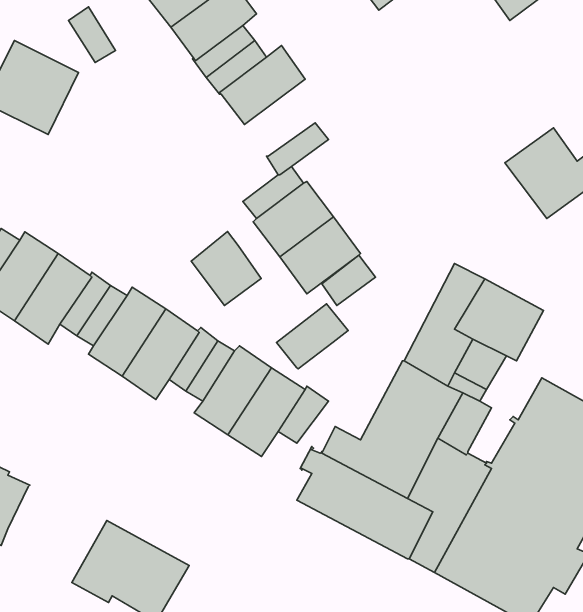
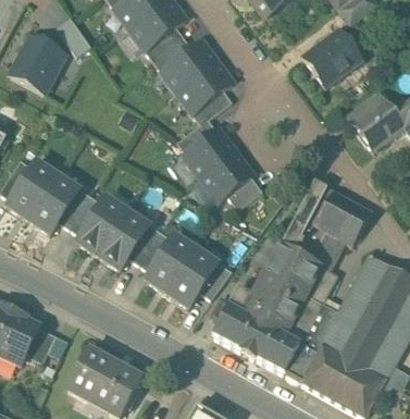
building: none -> [302,29,361,87]
building: none -> [177,61,233,111]
building: [191,231,261,306] -> none
building: [276,304,348,369] -> none
building: none -> [24,325,55,361]

